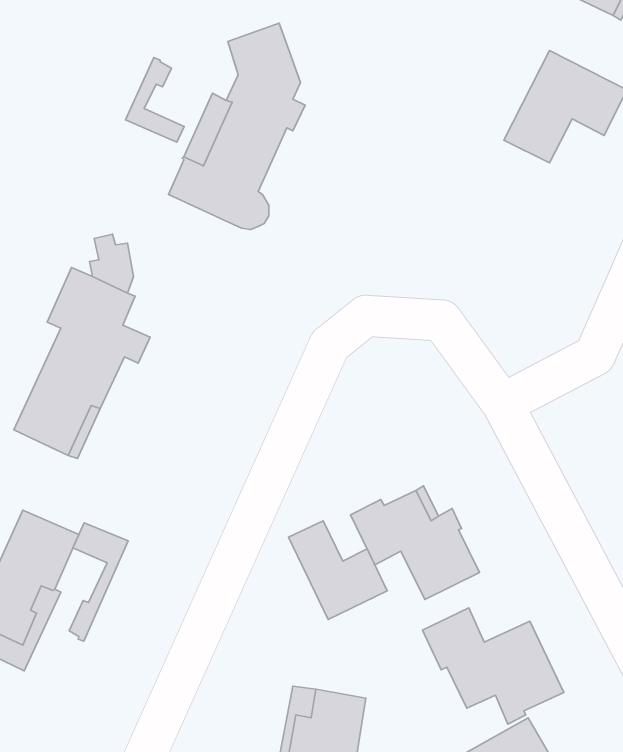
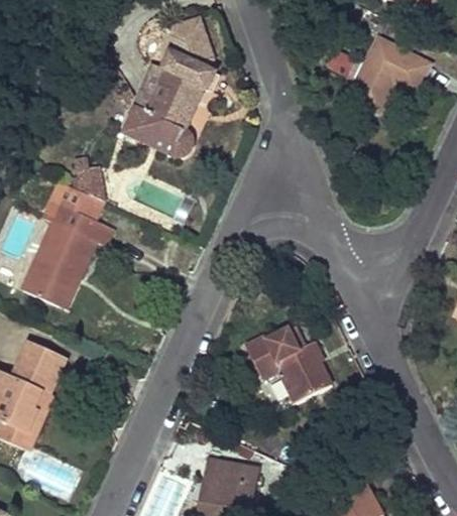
building: [126,58,184,142] -> none
building: [288,521,387,619] -> none
building: [69,523,128,641] -> none
building: [422,608,564,724] -> none

